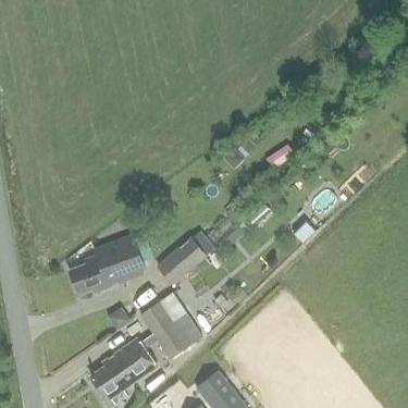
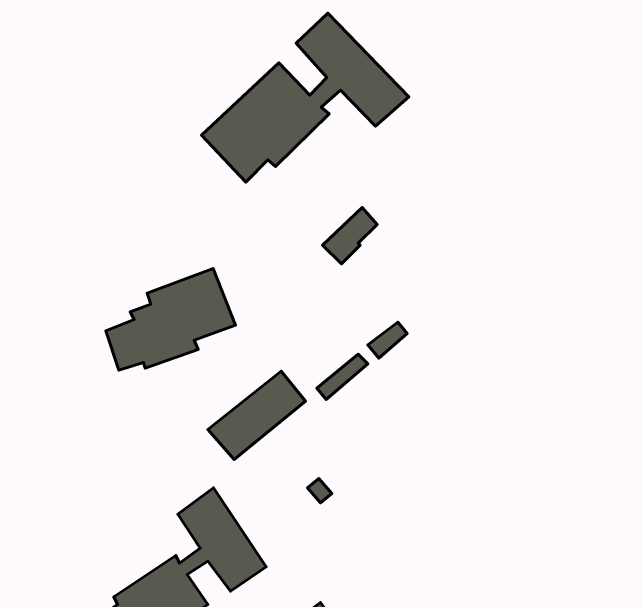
building: none -> [201,13,409,182]
building: [70,235,145,294] -> [106,269,236,370]

